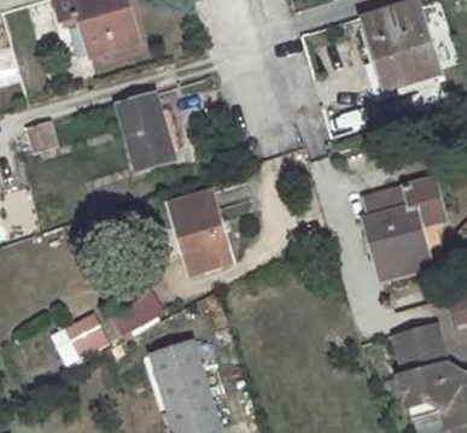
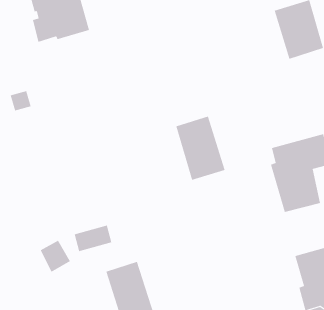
building: [118,93,175,168] -> none
building: [168,191,232,274] -> [176,116,225,180]

